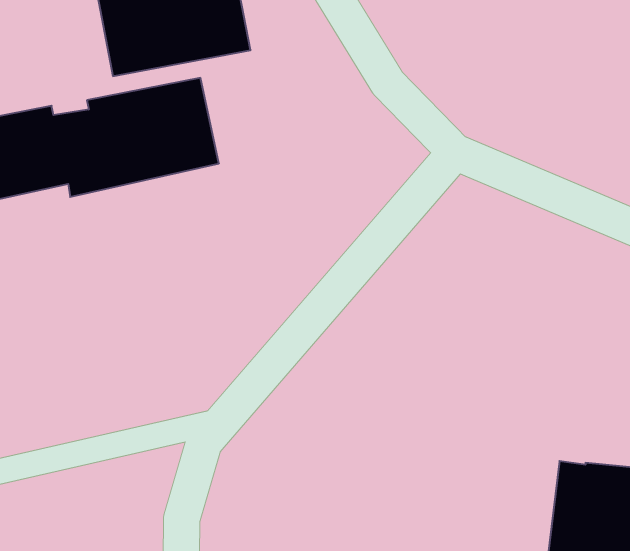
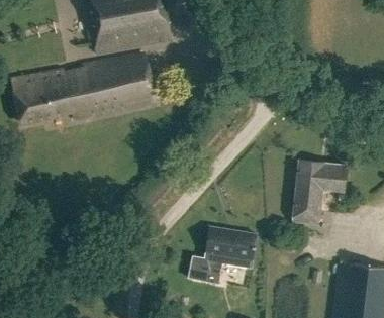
building: none -> [293,160,347,224]
building: none -> [188,226,258,283]

